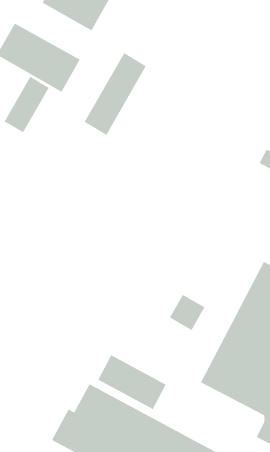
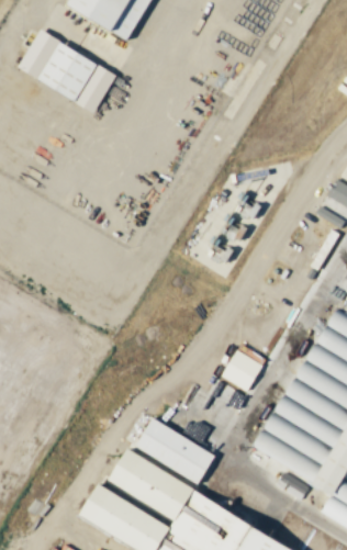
building: [84,52,146,136] -> none
building: [4,76,49,133] -> none

